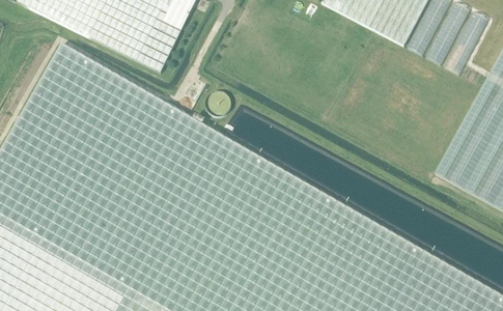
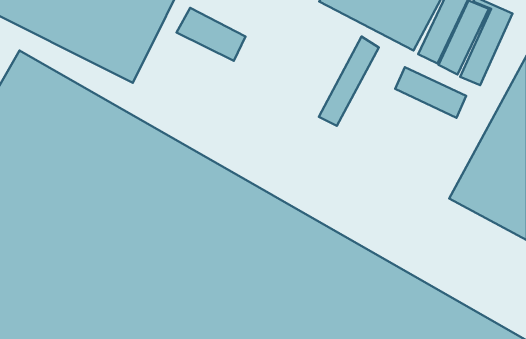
building: none -> [177,8,246,61]
building: none -> [319,37,379,126]
building: none -> [395,67,466,118]

